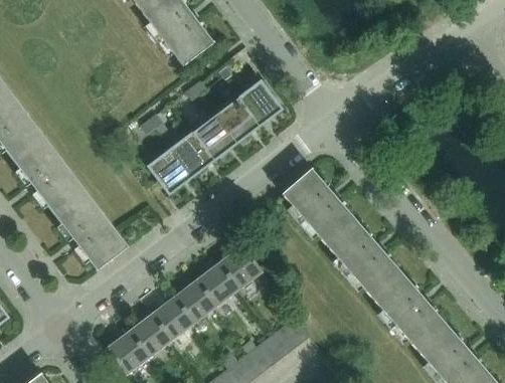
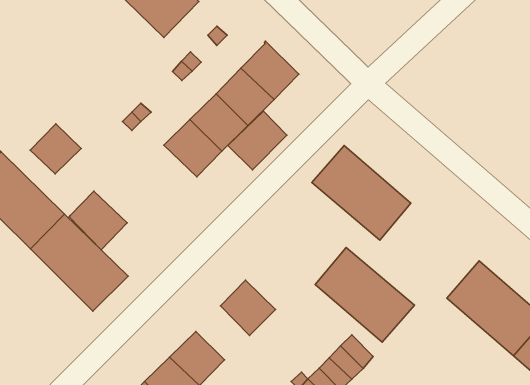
building: none -> [30,124,81,174]
building: none -> [228,111,287,170]
building: [149,149,193,195] -> [69,191,127,250]
building: [328,221,402,299] -> [315,247,414,342]
building: [219,245,262,289] -> none
building: [175,279,216,322] -> none

